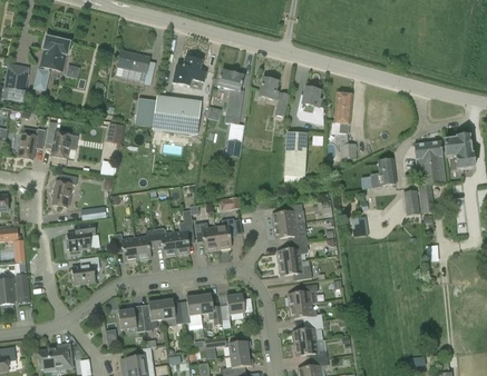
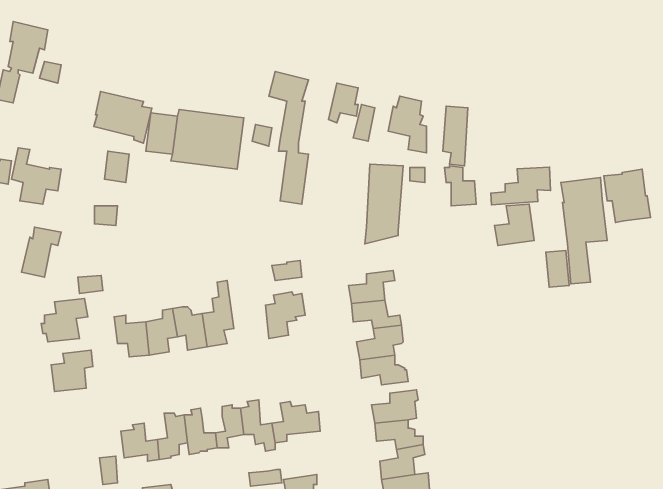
building: [116,50,155,85] -> [94,92,152,143]
building: [173,57,204,86] -> none
building: none -> [491,167,550,205]
building: [194,220,217,249] -> none

